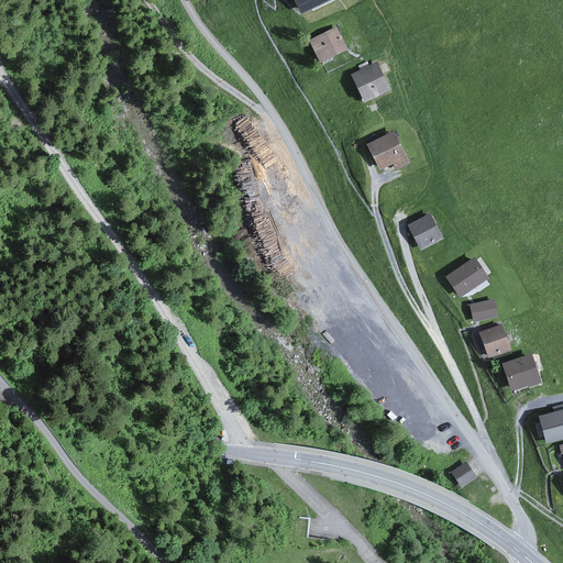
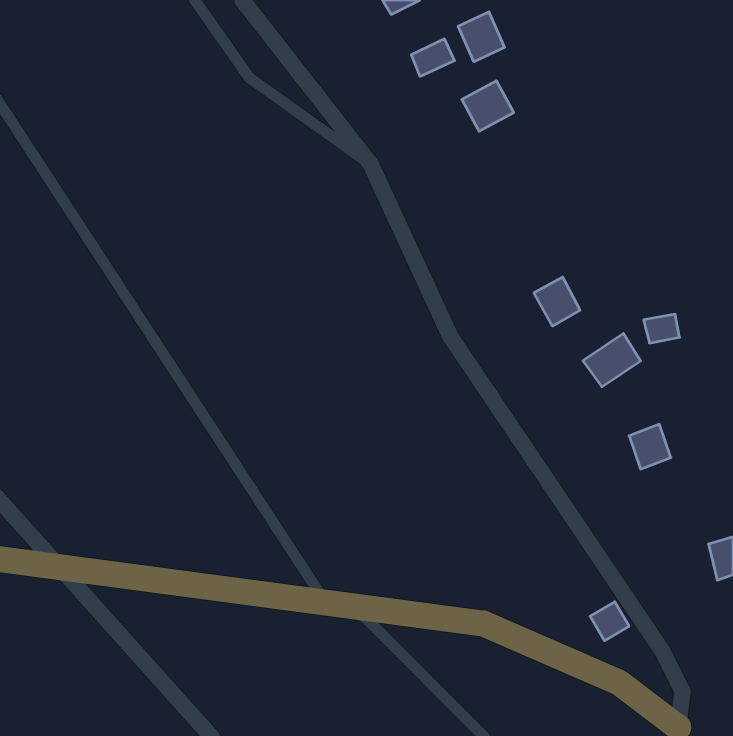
building: none -> [458,12,505,62]
building: [366,131,410,170] -> none
building: [470,299,497,321] -> [644,314,680,343]
building: [504,355,539,390] -> none

